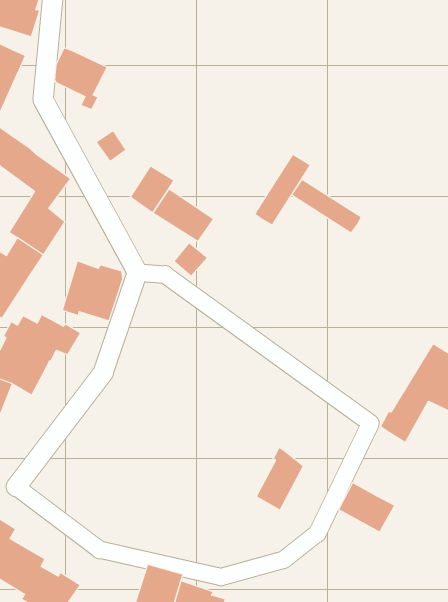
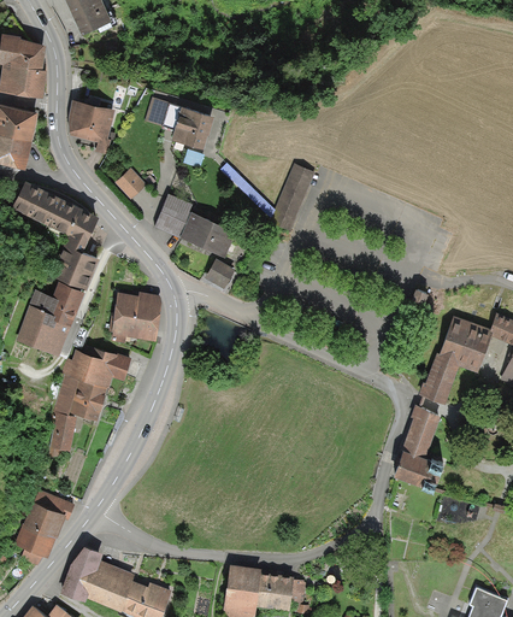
building: none -> [147,98,213,149]
building: [291,179,362,233] -> none
building: [256,447,304,510] -> [401,405,440,462]

